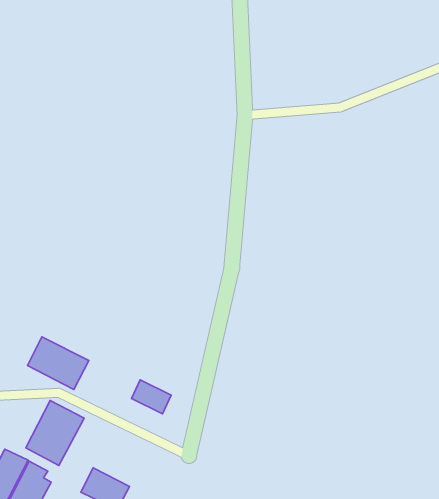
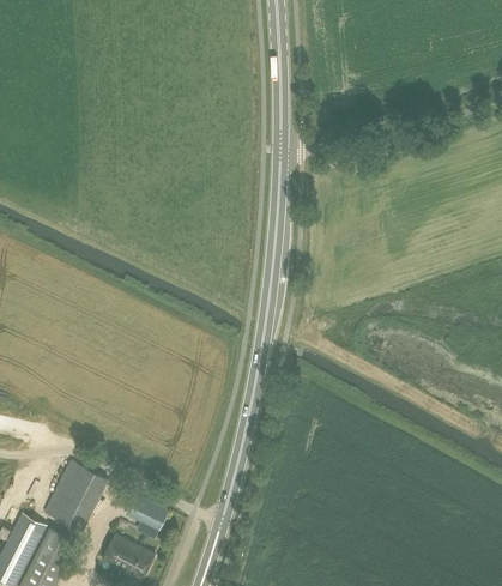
building: [28,337,89,389] -> none
building: [131,380,171,414] -> [125,494,168,531]

